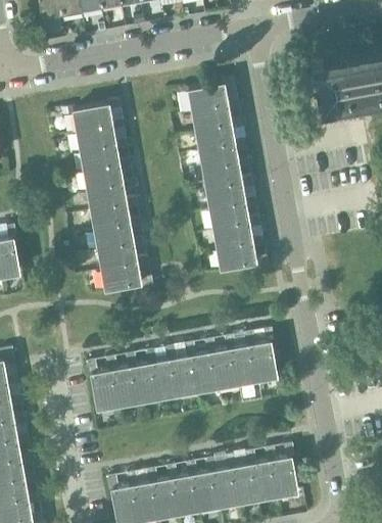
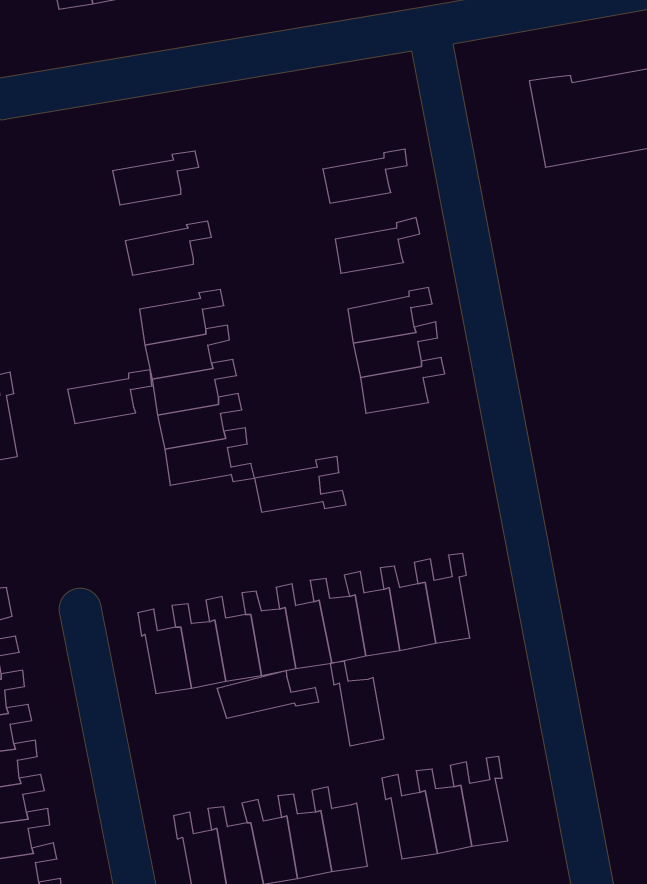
building: [188,83,236,113] -> none
building: [195,122,243,153] -> none
building: [76,123,124,154] -> none
building: [201,161,250,193] -> none
building: [83,162,131,193] -> [68,370,152,424]
building: [216,240,268,272] -> [254,456,346,512]
building: none -> [217,670,319,718]
building: [205,462,236,510] -> [330,661,384,746]

